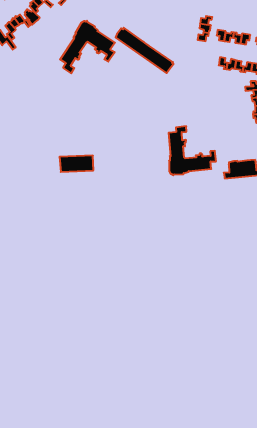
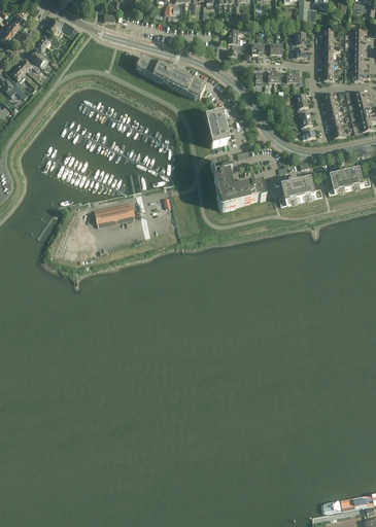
building: [60,21,115,73] -> none
building: none -> [204,111,227,145]

